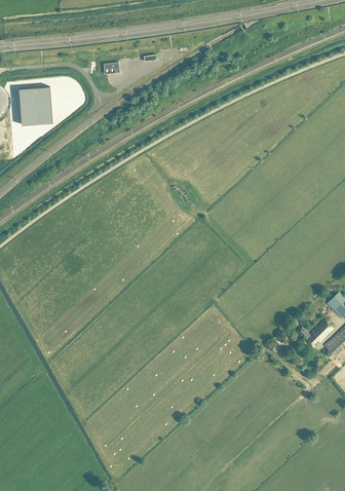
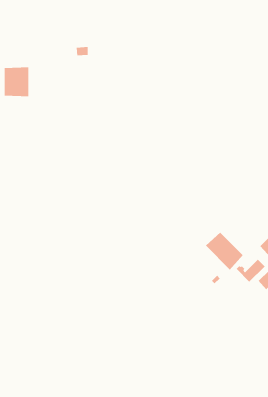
building: none -> [205,232,244,270]

